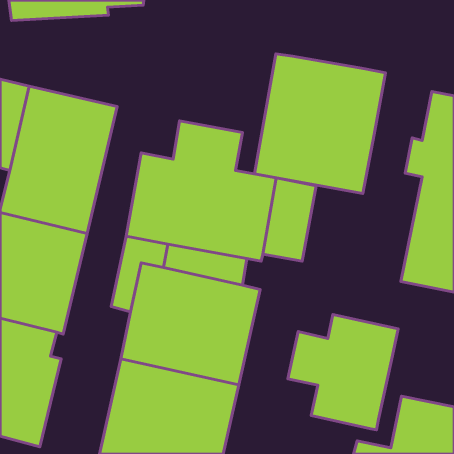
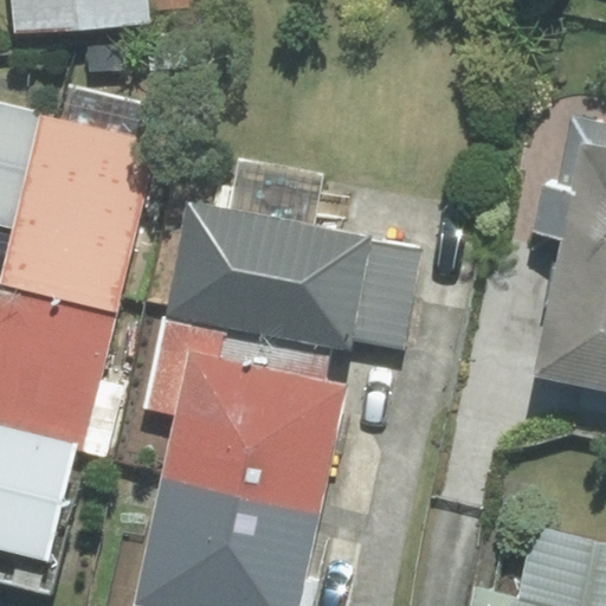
building: [255,54,385,193] -> none
building: [288,314,398,430] -> none

